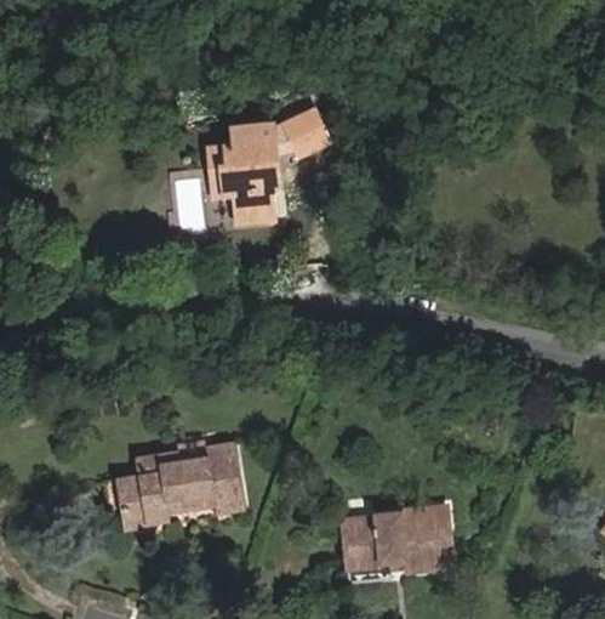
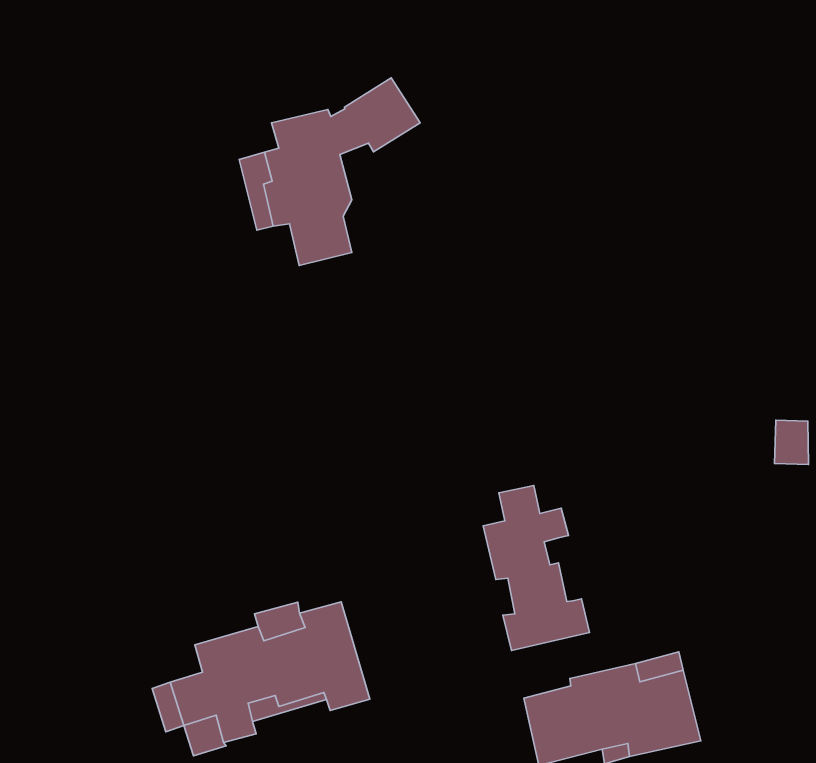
building: none -> [483,486,590,650]

